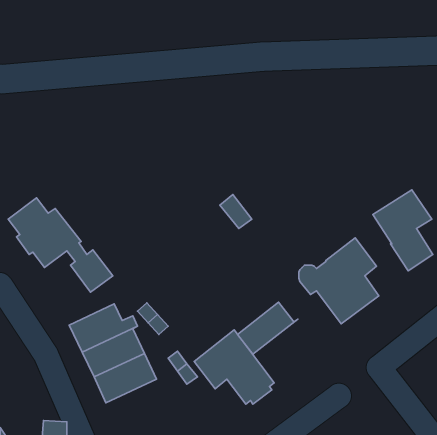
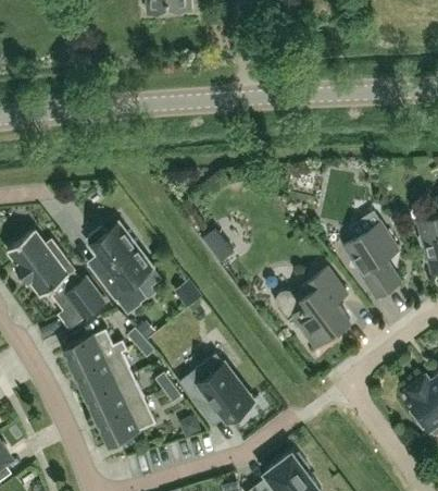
building: none -> [86,223,152,315]
building: [237,302,298,354] -> none
building: none -> [98,398,157,445]

